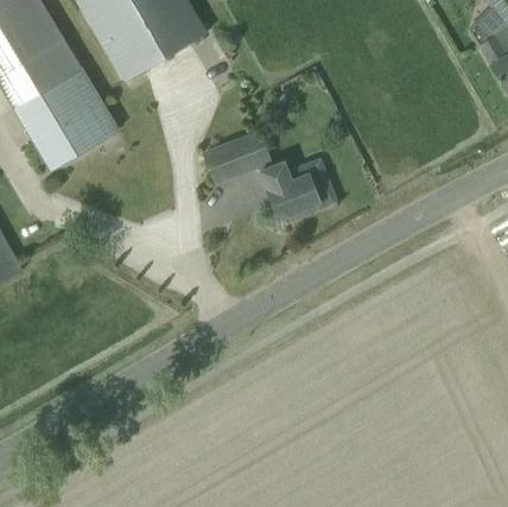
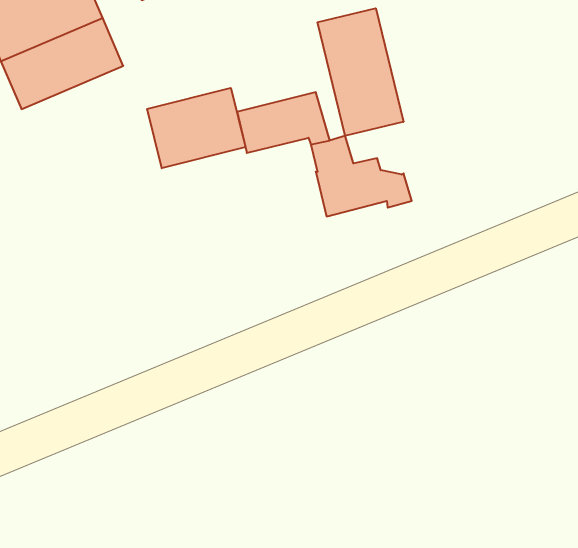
building: none -> [318,8,403,136]
building: none -> [147,88,245,168]

